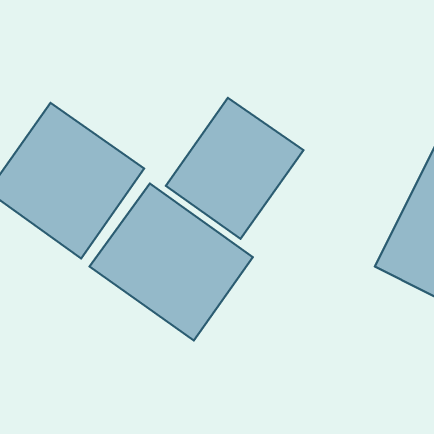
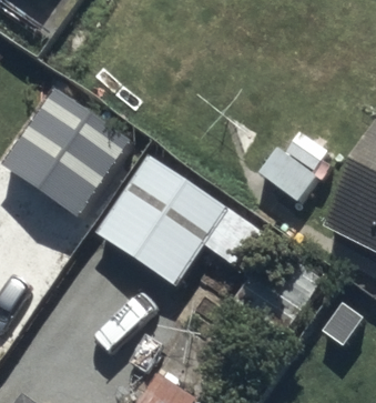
building: [166,98,303,239] -> none

